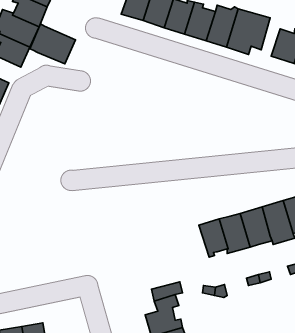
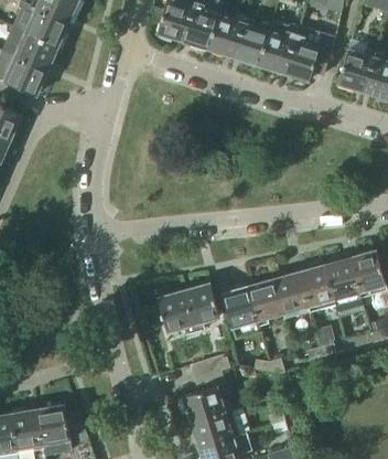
building: [30,24,75,64] -> none
building: none -> [159,284,220,334]
building: none -> [225,287,262,339]

